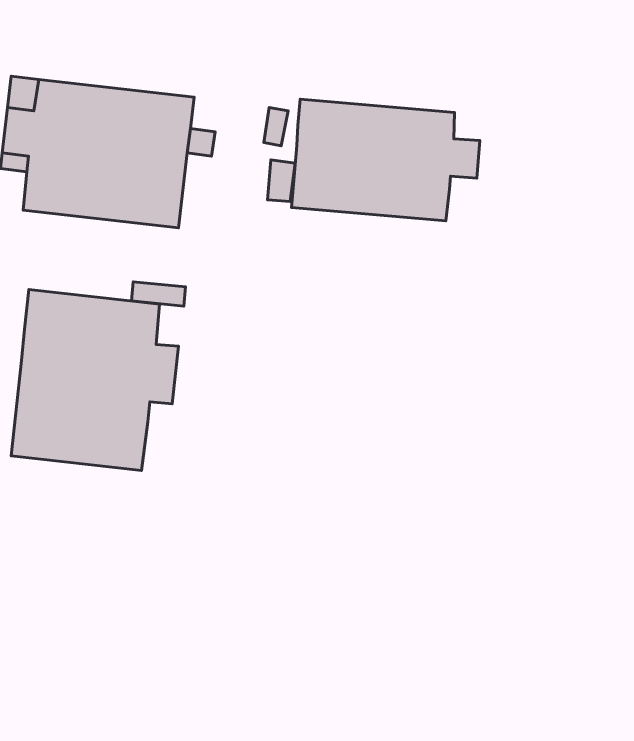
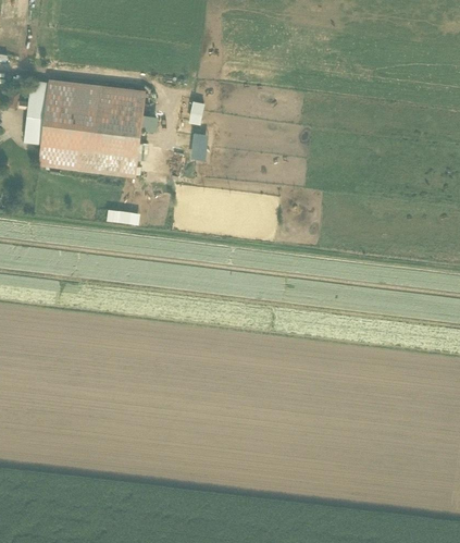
building: [292,99,480,221] -> none
building: [11,289,178,470] -> none

